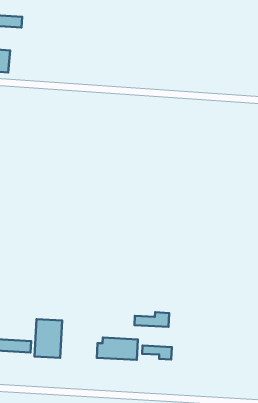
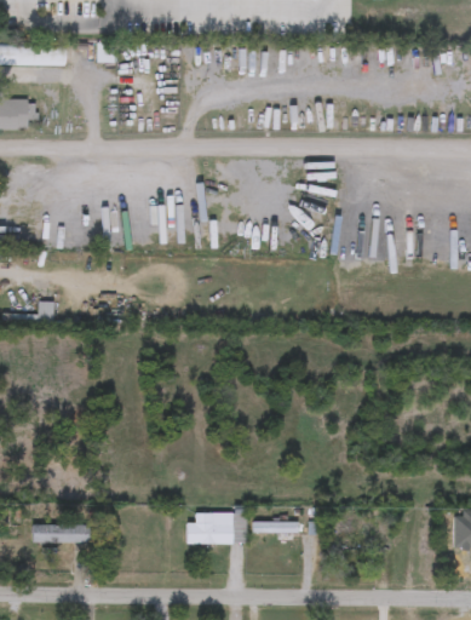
building: [134,312,169,327] -> none
building: [34,319,62,358] -> none

